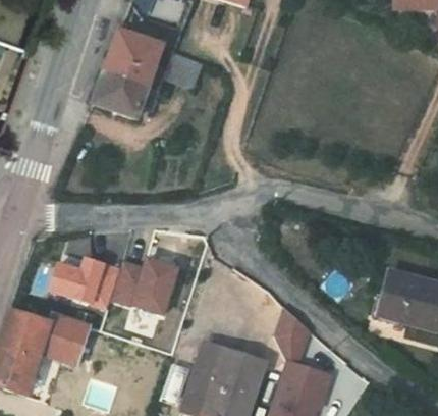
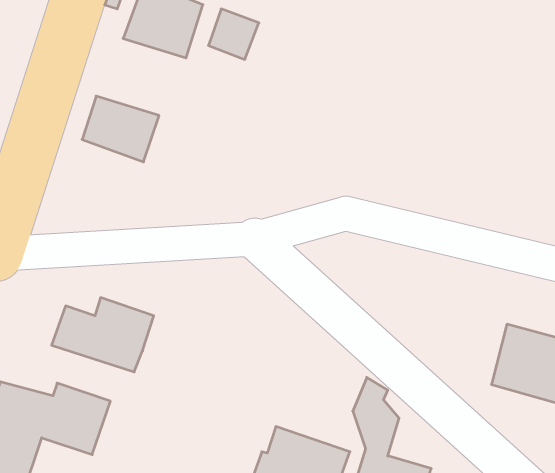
building: [95,65,151,113] -> [82,96,159,162]
building: [119,254,186,310] -> none

